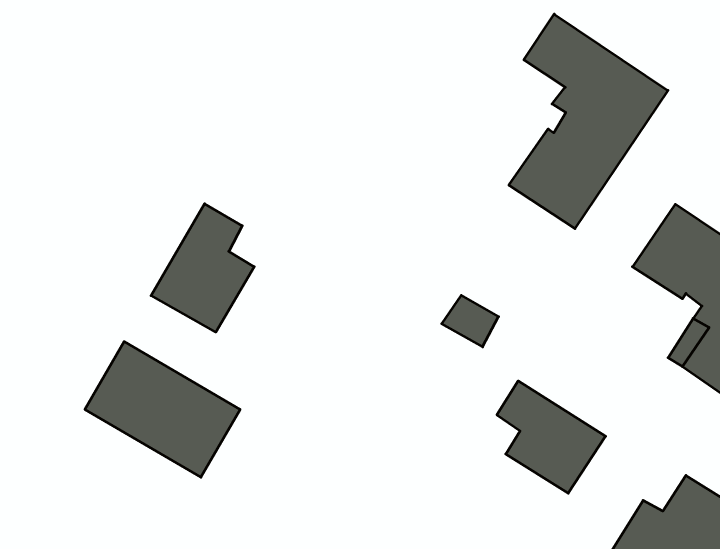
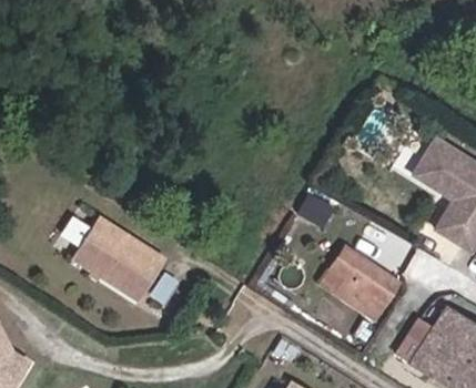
building: [509,14,668,229] -> none
building: [151,204,254,332] -> none

